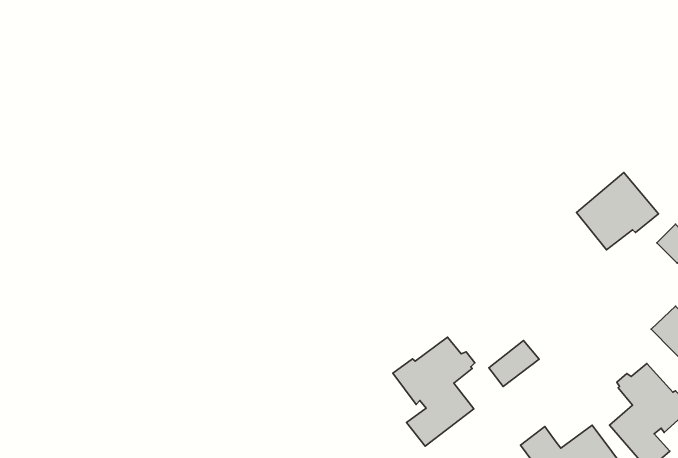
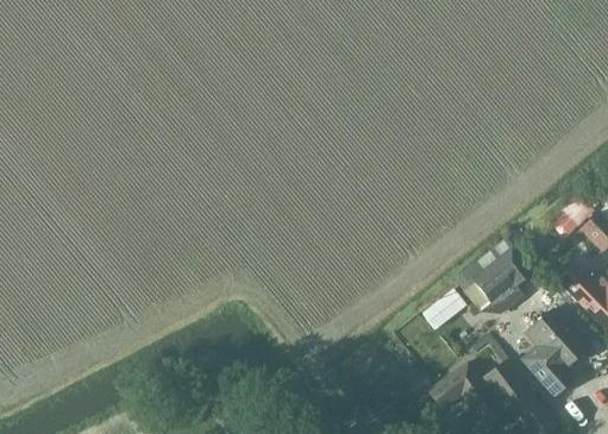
building: [577,172,658,250] -> [465,239,533,303]
building: [393,337,475,446] -> none

